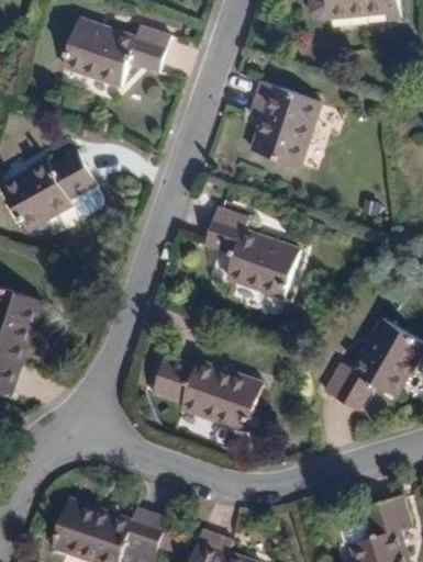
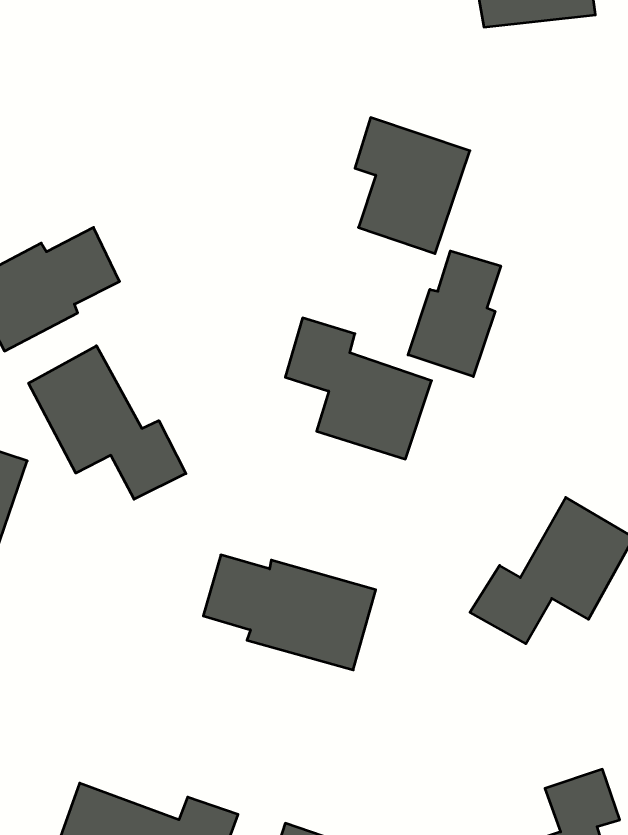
building: [60,18,167,85] -> none
building: none -> [408,251,501,377]
building: none -> [29,346,186,499]

